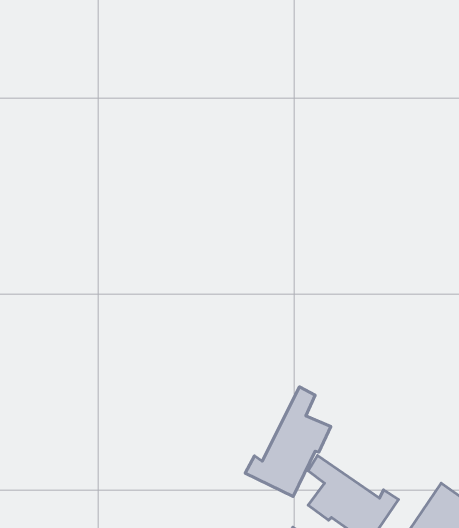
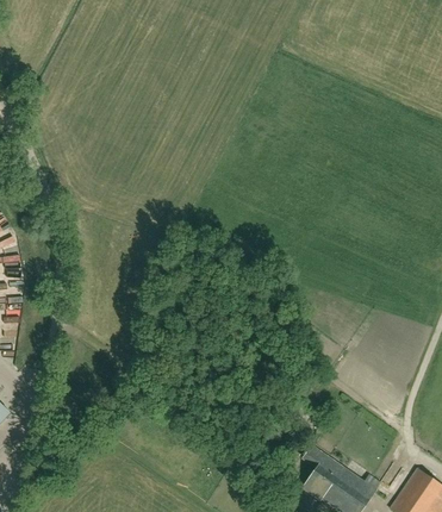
building: [245,387,331,496] -> none

